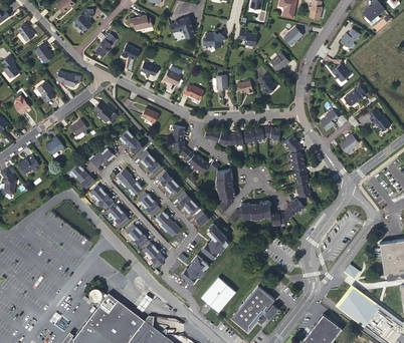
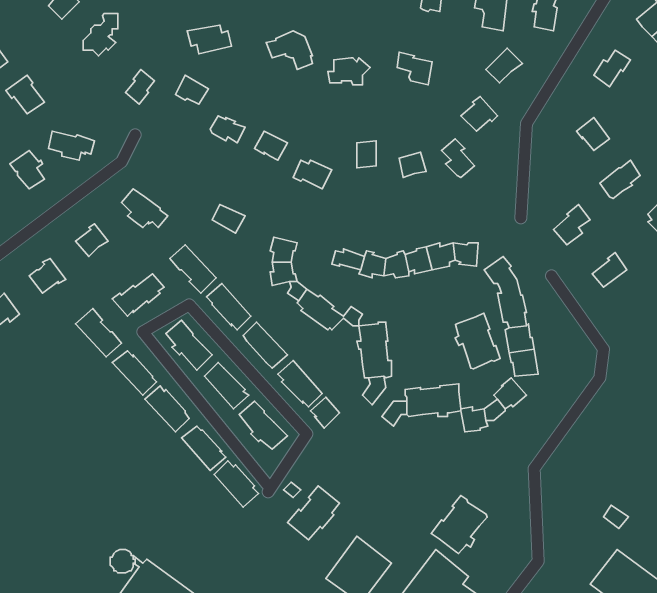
building: none -> [455,313,500,369]
building: [201,223,227,258] -> none
building: none -> [431,496,487,554]

